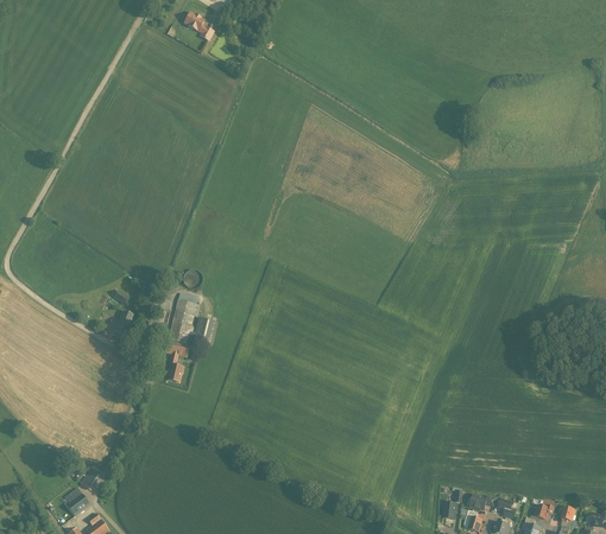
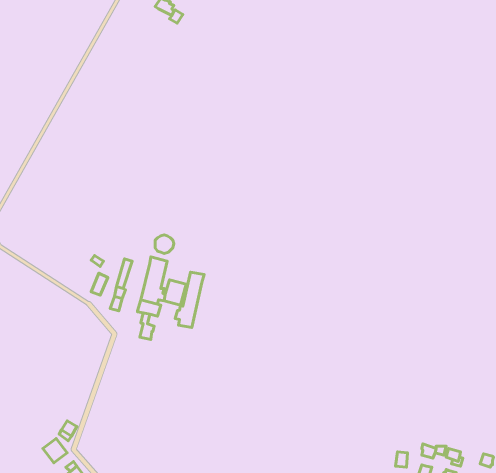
building: none -> [175,272,204,327]

